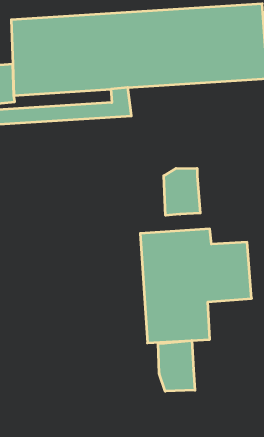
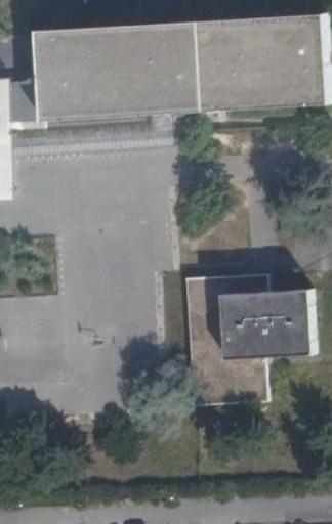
building: [164,168,200,215] -> none
building: [158,340,195,391] -> none

